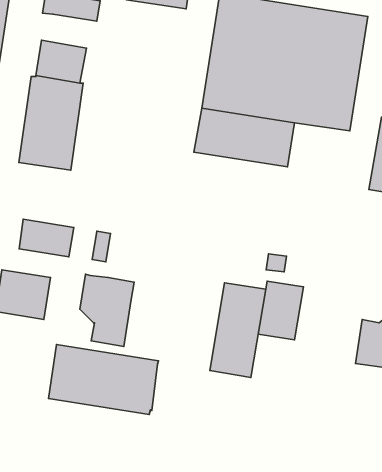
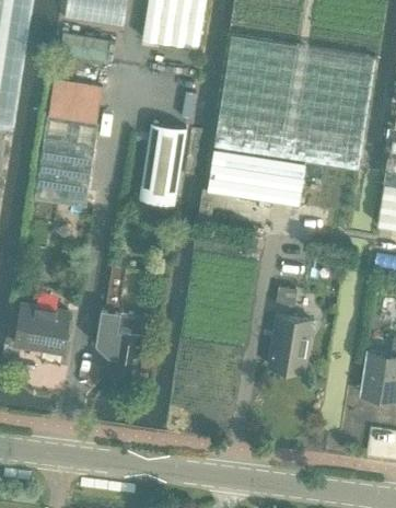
building: none -> [139,123,186,205]
building: [19,219,74,257] -> none
building: [210,283,266,377] -> none
building: [49,344,158,414] -> none

